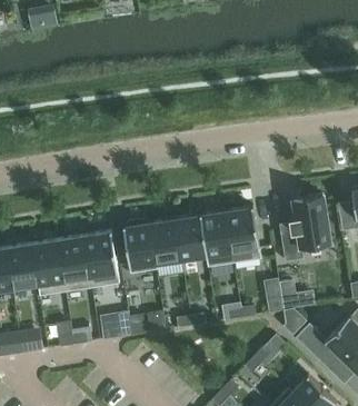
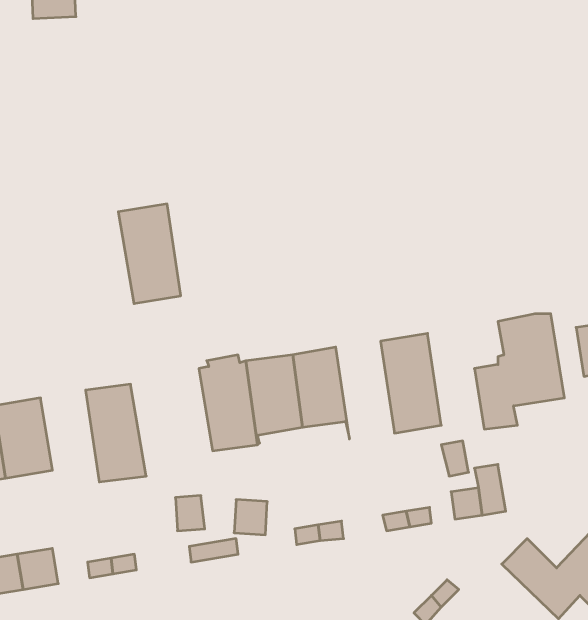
building: [200,211,233,267] -> none
building: [83,231,119,288] -> [118,204,181,304]
building: [32,239,66,296] -> none

